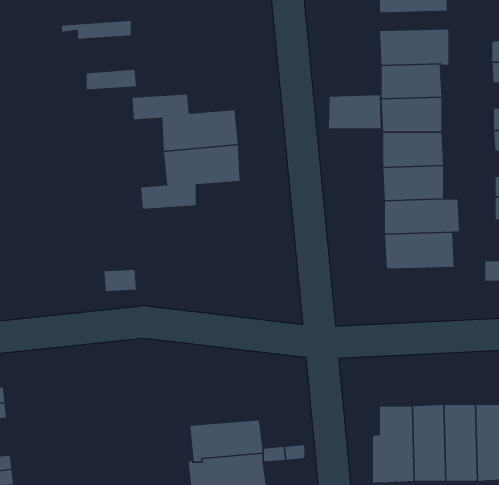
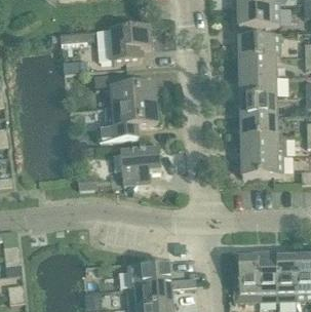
building: none -> [99,25,151,61]
building: [328,95,382,129] -> none
building: none -> [119,147,161,183]

